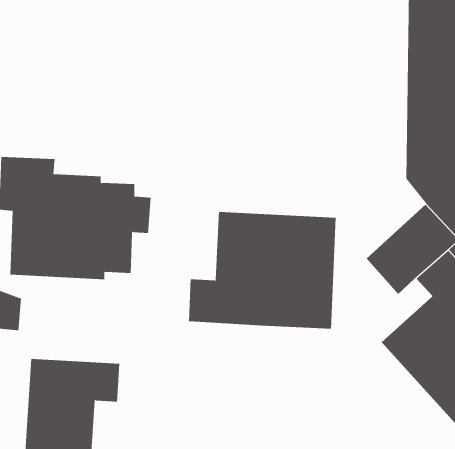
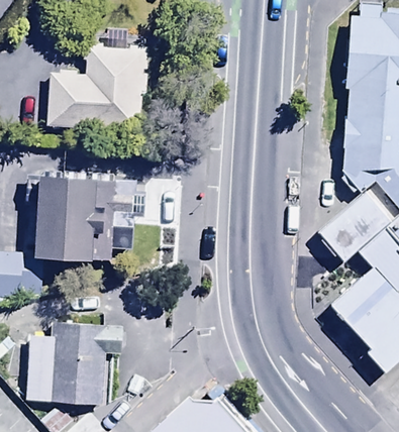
building: none -> [43,43,144,128]
building: [188,211,336,329] -> none

